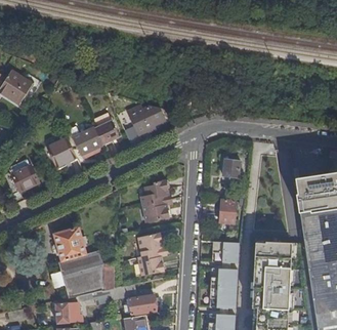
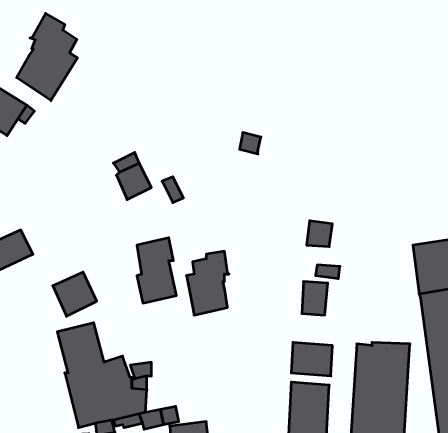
building: none -> [17,13,77,101]
building: [127,102,164,135] -> none
building: [69,126,102,155] -> none
building: [47,137,77,167] -> [53,272,97,316]
building: [139,232,166,276] -> [137,238,176,303]

